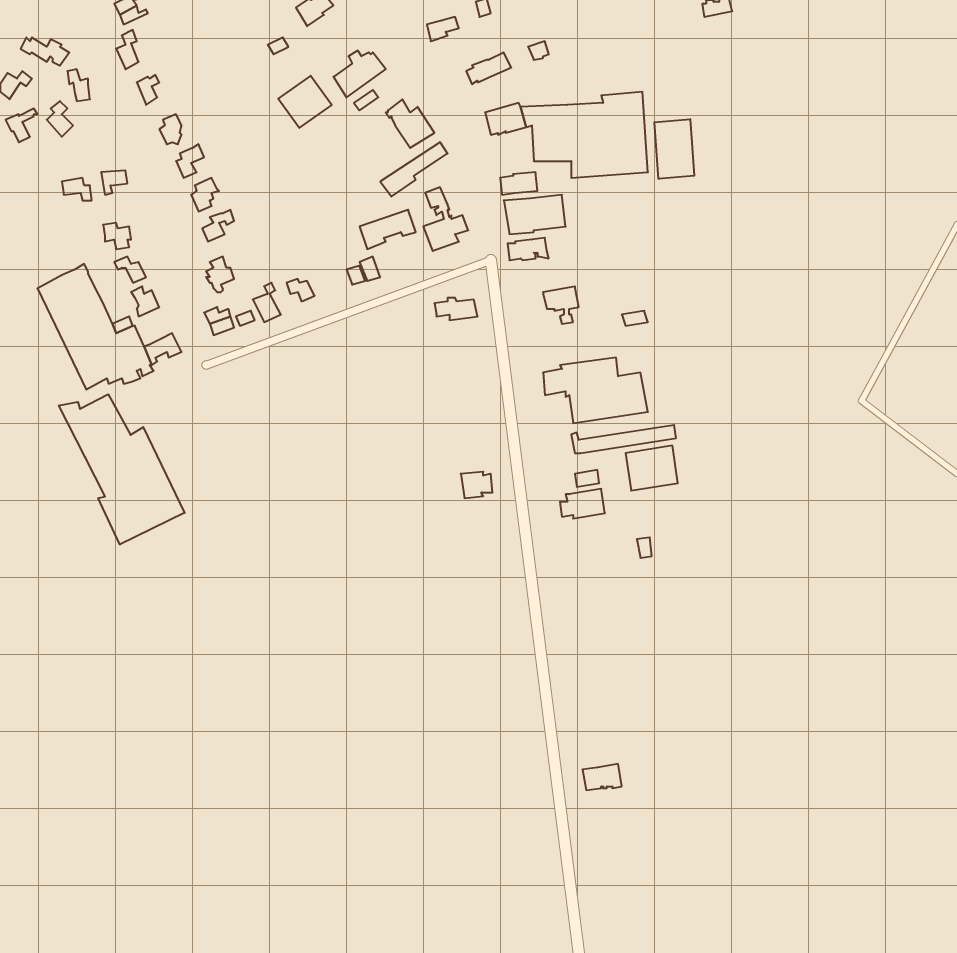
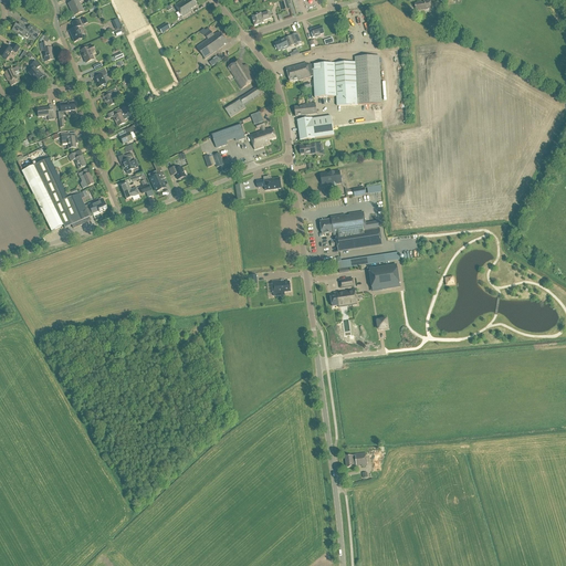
building: [278,76,332,128] -> none
building: [654,119,694,179] -> none
building: [59,394,185,545] -> none

